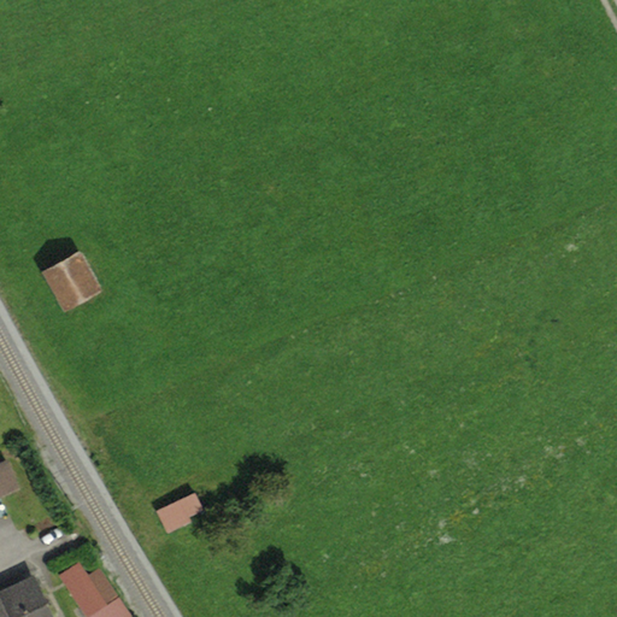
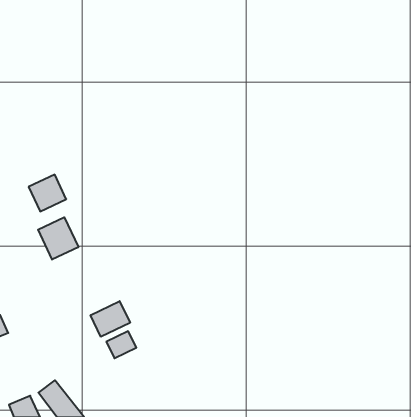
building: none -> [38,217,78,260]
building: none -> [91,301,130,337]

